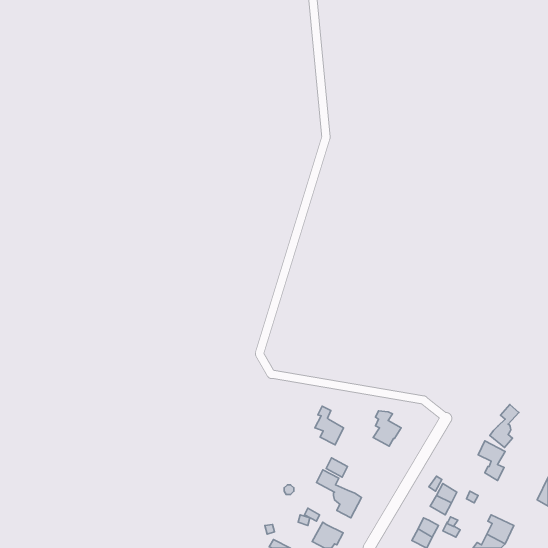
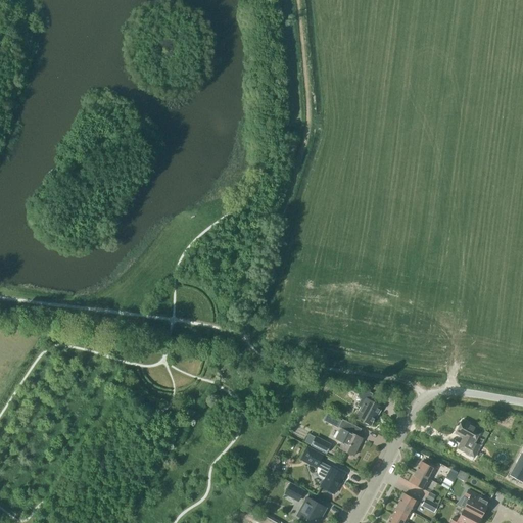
building: [490,405,519,448] -> none
building: [315,406,344,445] -> [335,419,363,456]

